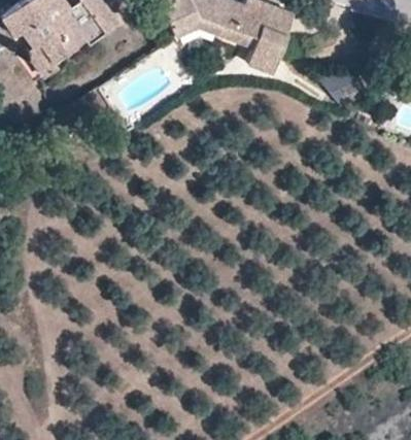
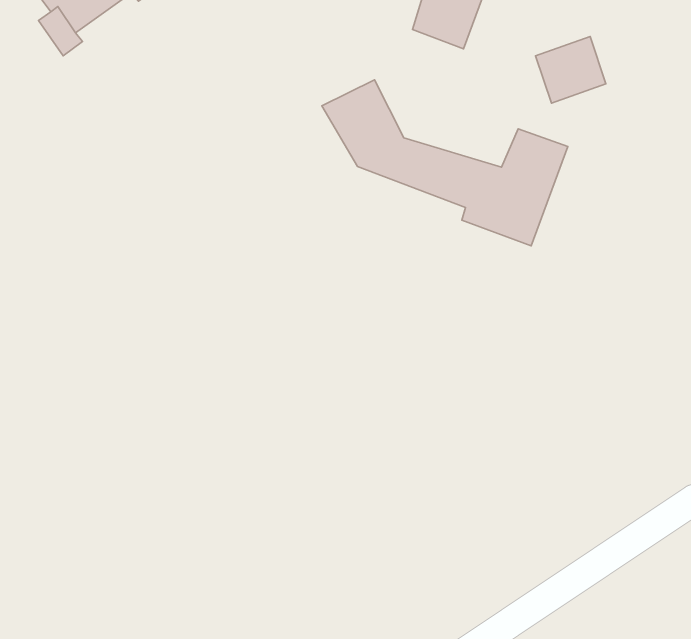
building: none -> [322,80,568,246]

